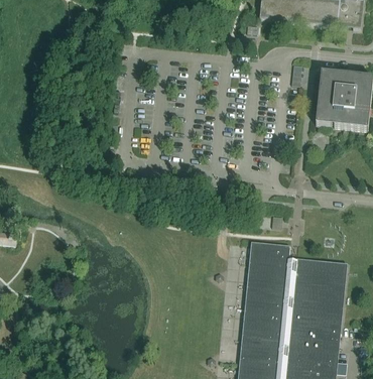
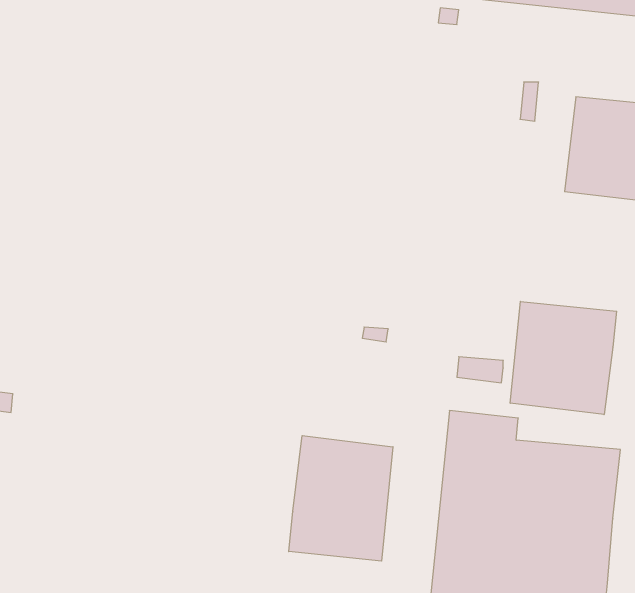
building: none -> [510,301,617,415]
building: none -> [289,436,393,561]

